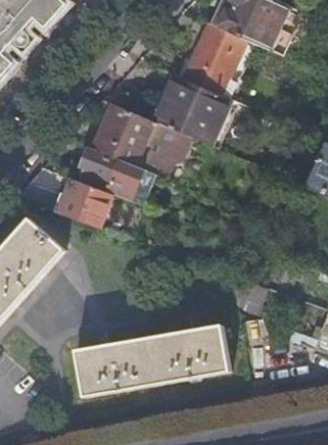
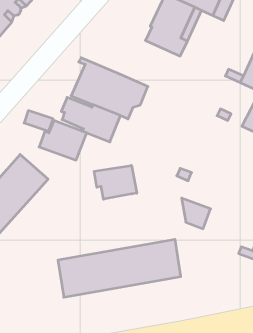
building: [153,73,235,147] -> none
building: none -> [94,165,137,199]

